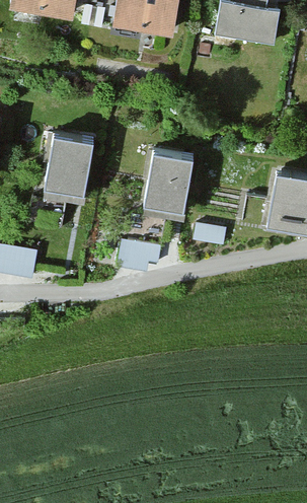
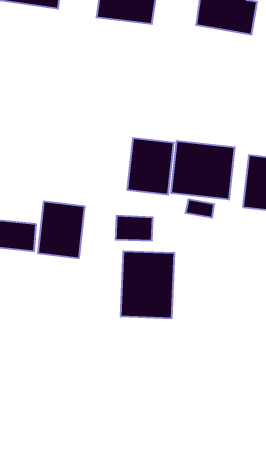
building: [43,135,92,195] -> [38,202,85,258]
building: none -> [171,141,234,200]
building: none -> [121,251,174,318]

